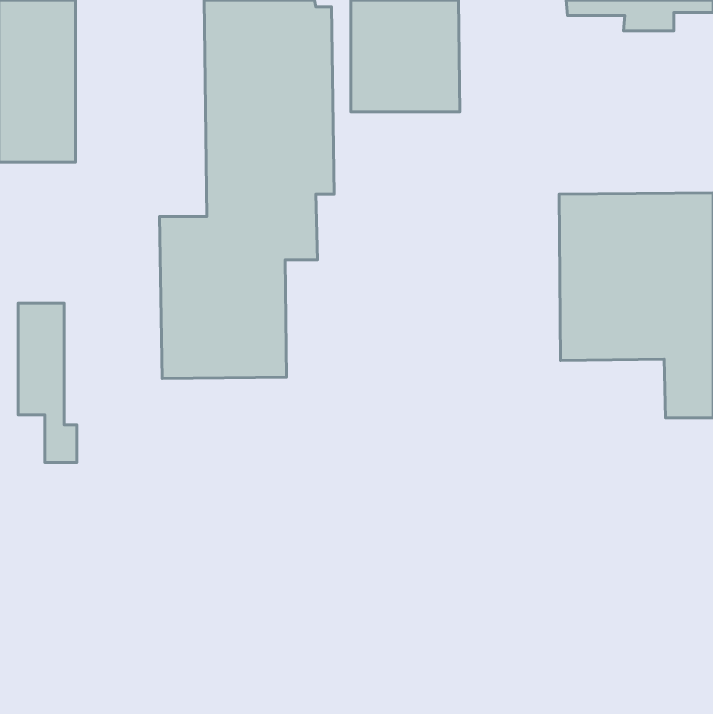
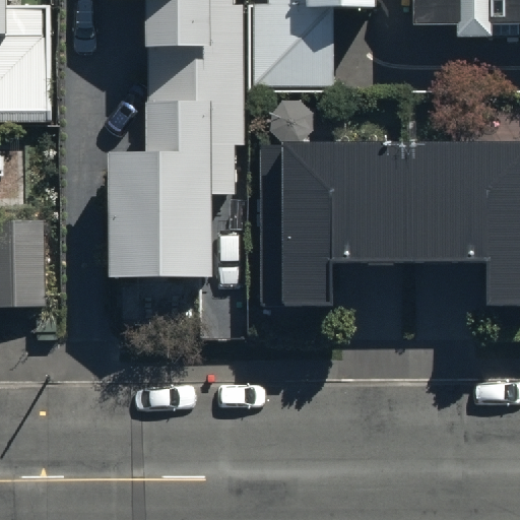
building: none -> [262,141,407,306]

